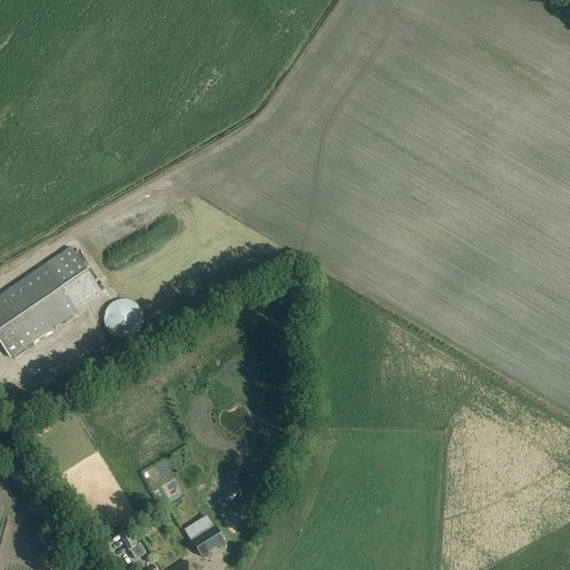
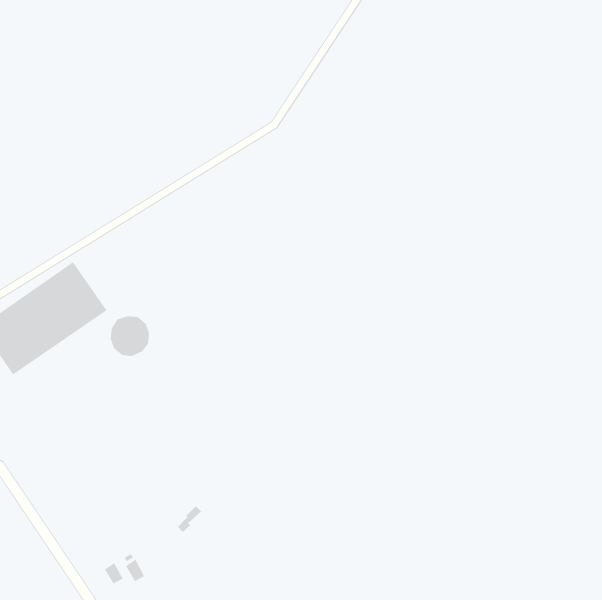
building: [190,523,224,554] -> none

